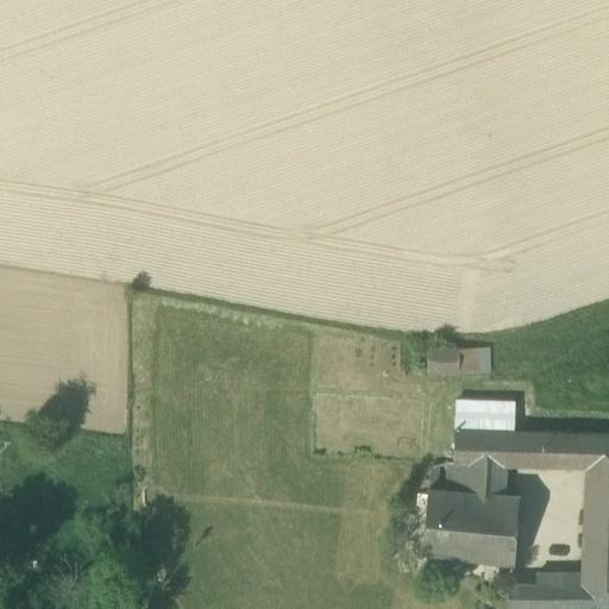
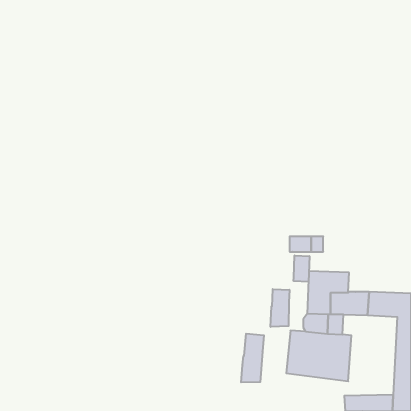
building: none -> [294,255,309,282]
building: none -> [271,289,289,327]
building: none -> [241,334,264,382]

